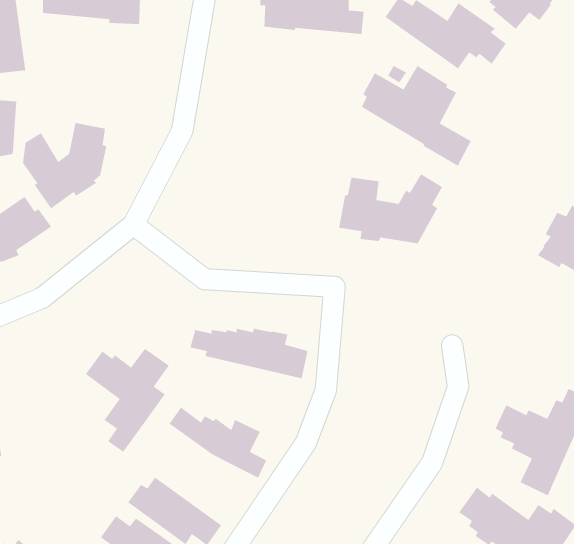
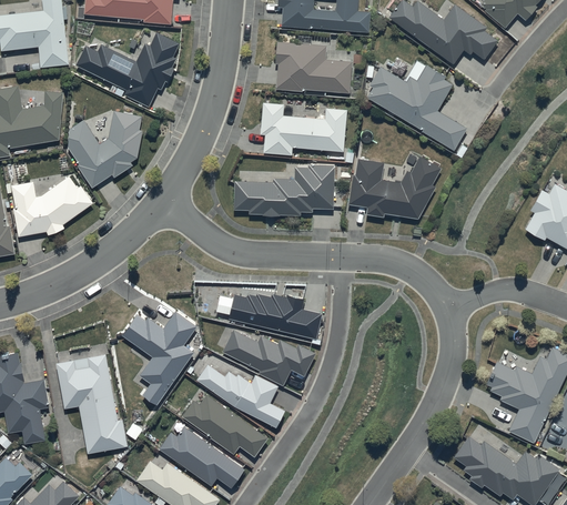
building: none -> [75,31,179,107]
building: none -> [275,41,352,93]
building: none -> [260,102,346,155]
building: none -> [233,163,334,215]
building: none -> [222,329,316,385]
building: none -> [55,353,128,453]
building: none -> [182,394,267,456]

